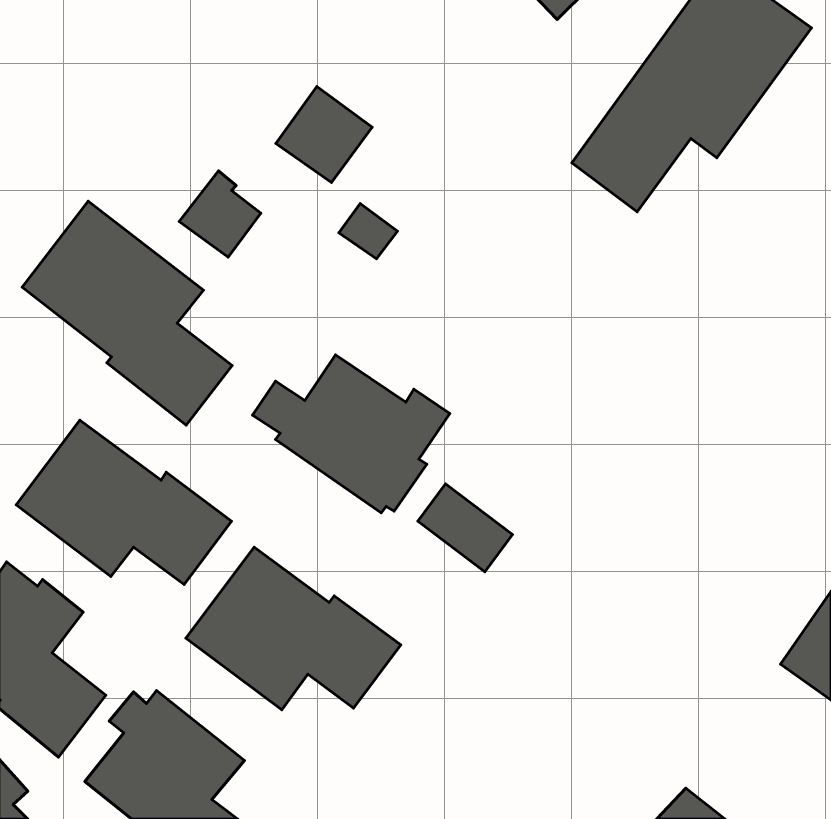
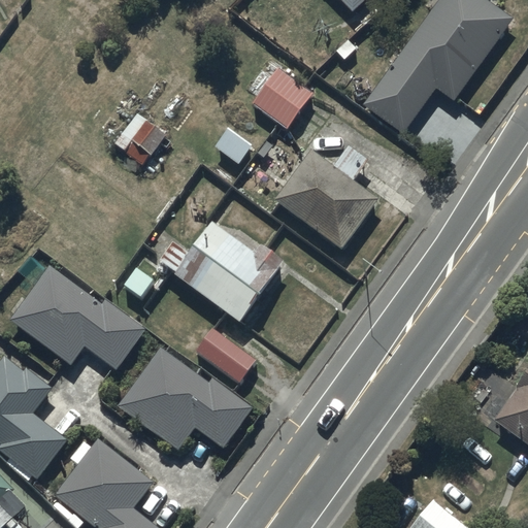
building: [276,86,372,183] -> [252,67,312,128]
building: [22,201,232,425] -> none
building: none -> [273,147,378,251]
building: [418,484,512,572] -> [196,327,256,383]

